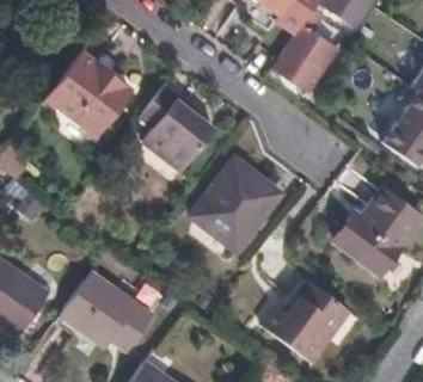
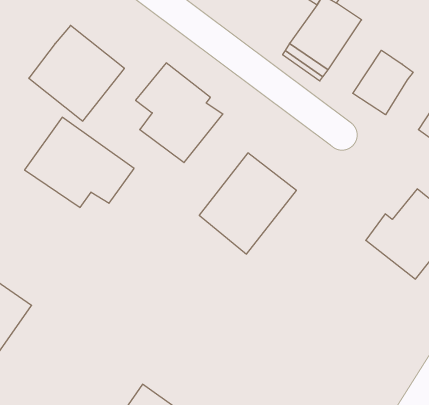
building: none -> [353,50,413,115]
building: [60,270,154,347] -> [25,117,134,207]
building: [263,281,349,361] -> none

